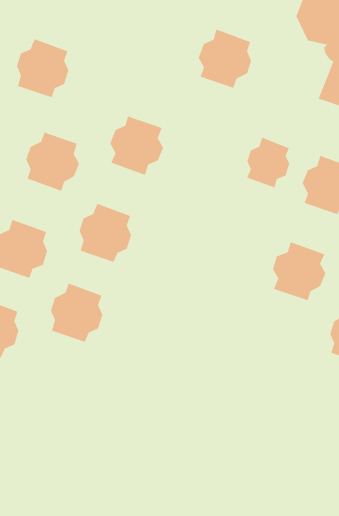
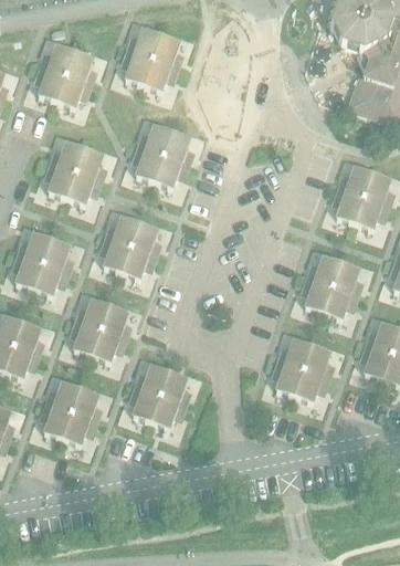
building: [198,29,252,89] -> [123,27,179,88]
building: [247,137,290,188] -> none
building: none -> [274,337,329,399]
building: none -> [130,364,187,426]
building: none -> [42,380,98,442]

